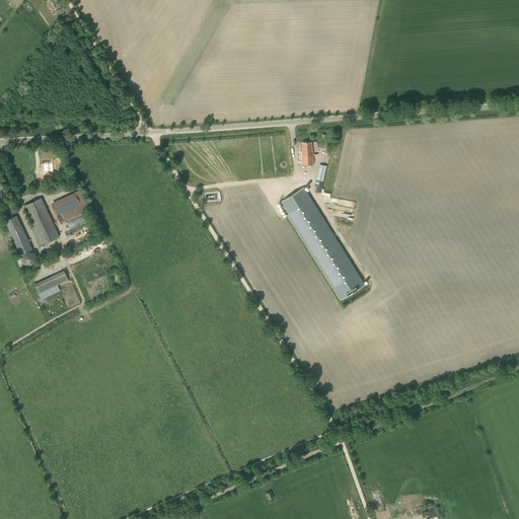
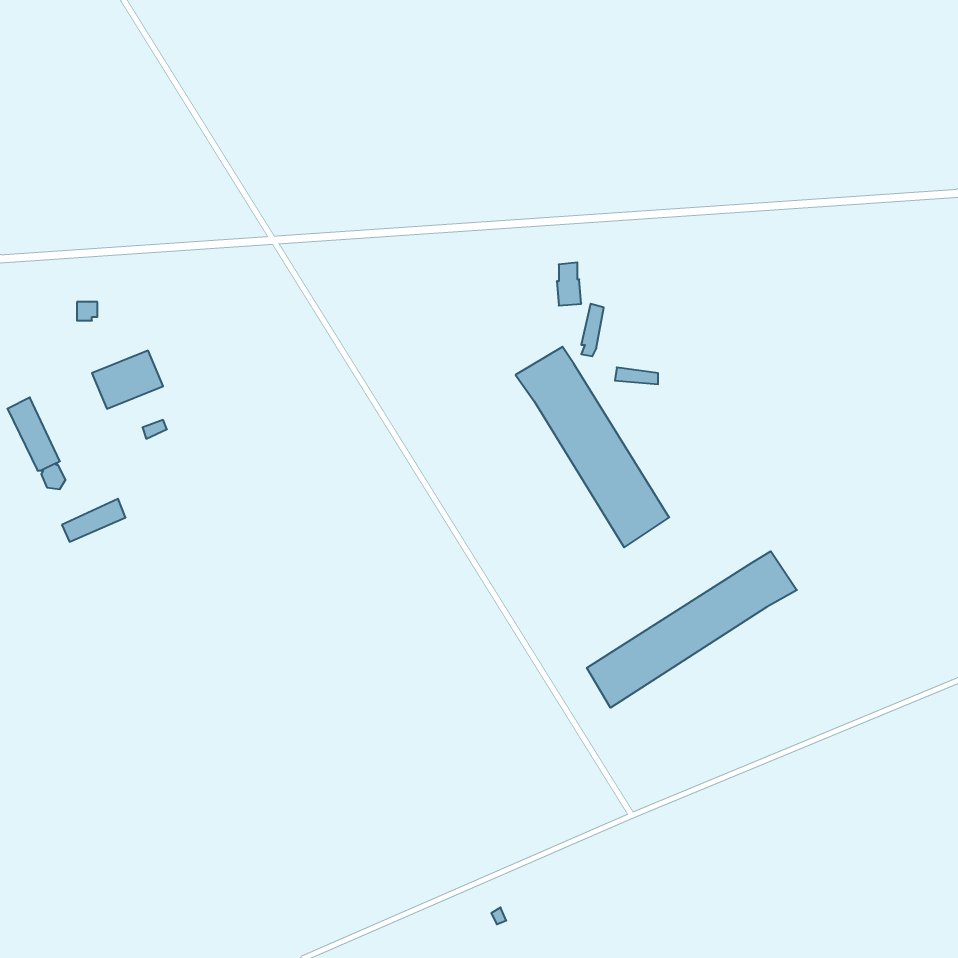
building: [24,198,59,244] -> none
building: none -> [587,551,797,708]

